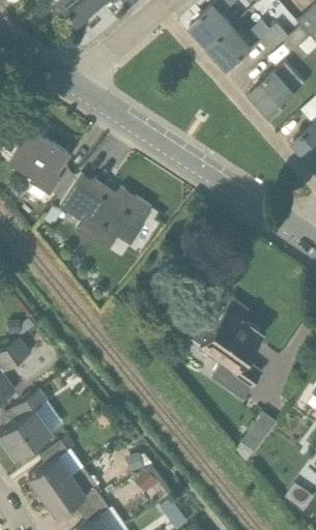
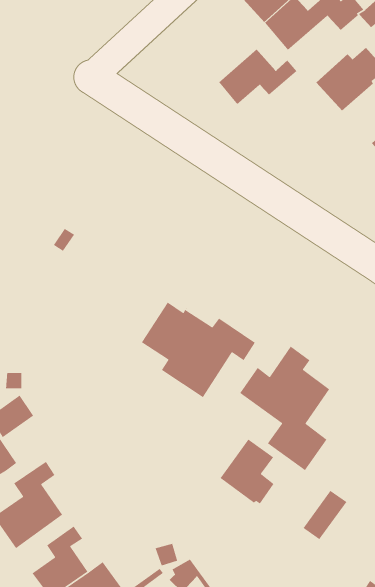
building: none -> [218,49,298,105]
building: [15,134,74,198] -> none
building: [59,176,149,252] -> [141,302,256,398]
building: none -> [219,438,274,505]

